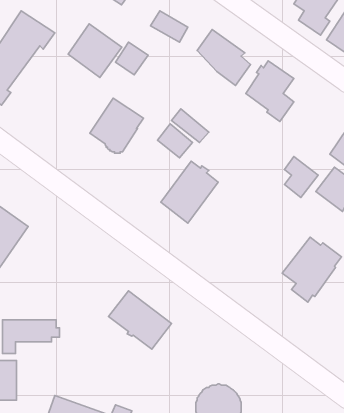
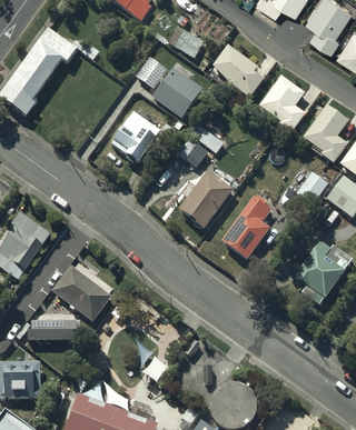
building: [68,24,122,78] -> [151,69,202,120]
building: none -> [304,107,348,163]
building: none -> [221,194,271,261]
building: [109,291,172,349] -> [51,267,111,322]

